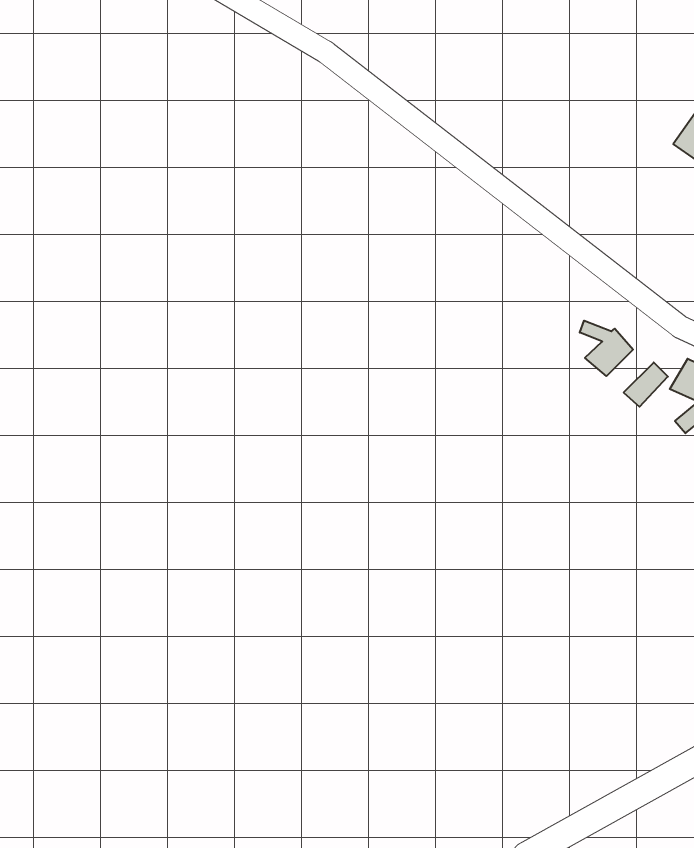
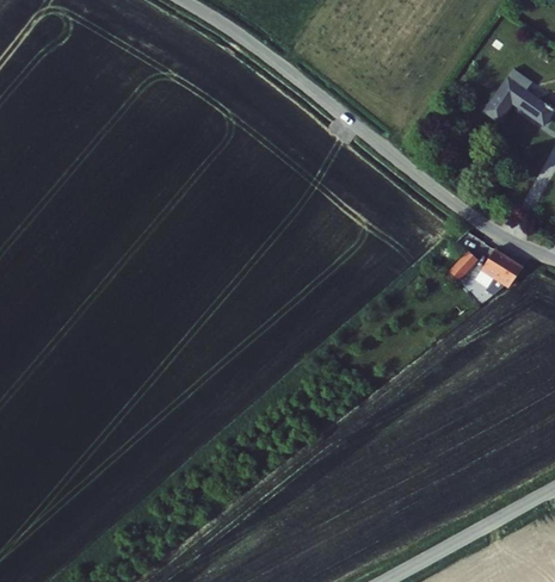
building: [580,321,633,376] -> none

